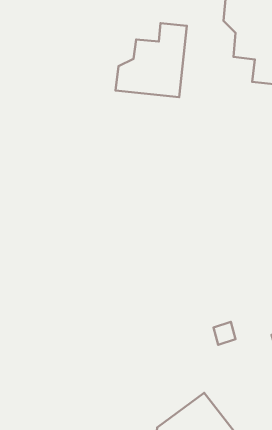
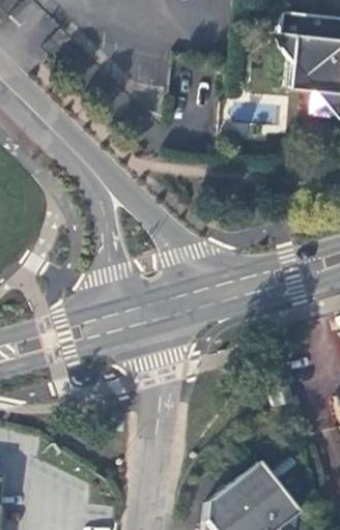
building: [116,23,187,97] -> none

